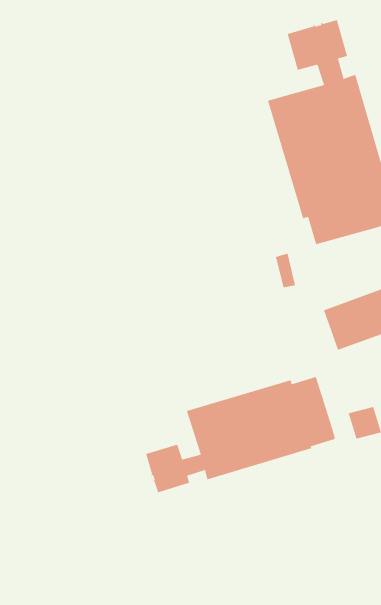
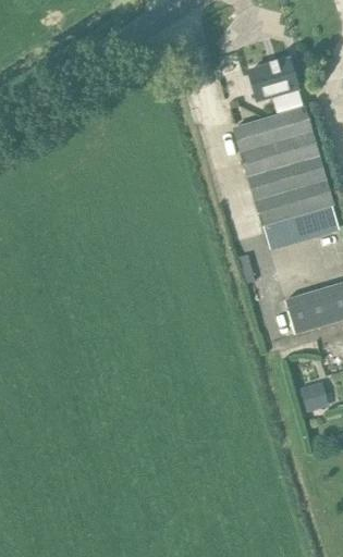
building: [146,376,335,493] -> none

